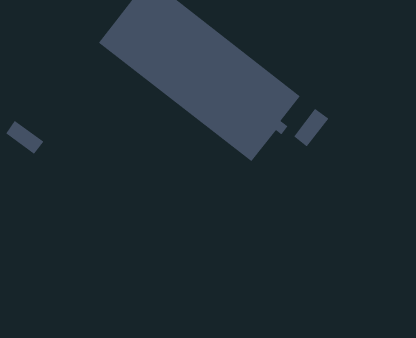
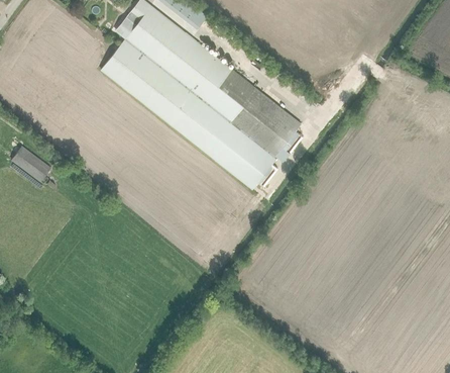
building: [293,108,329,148] -> none

